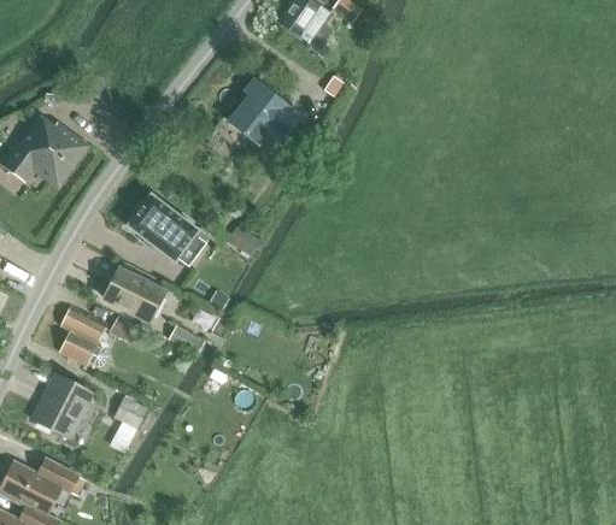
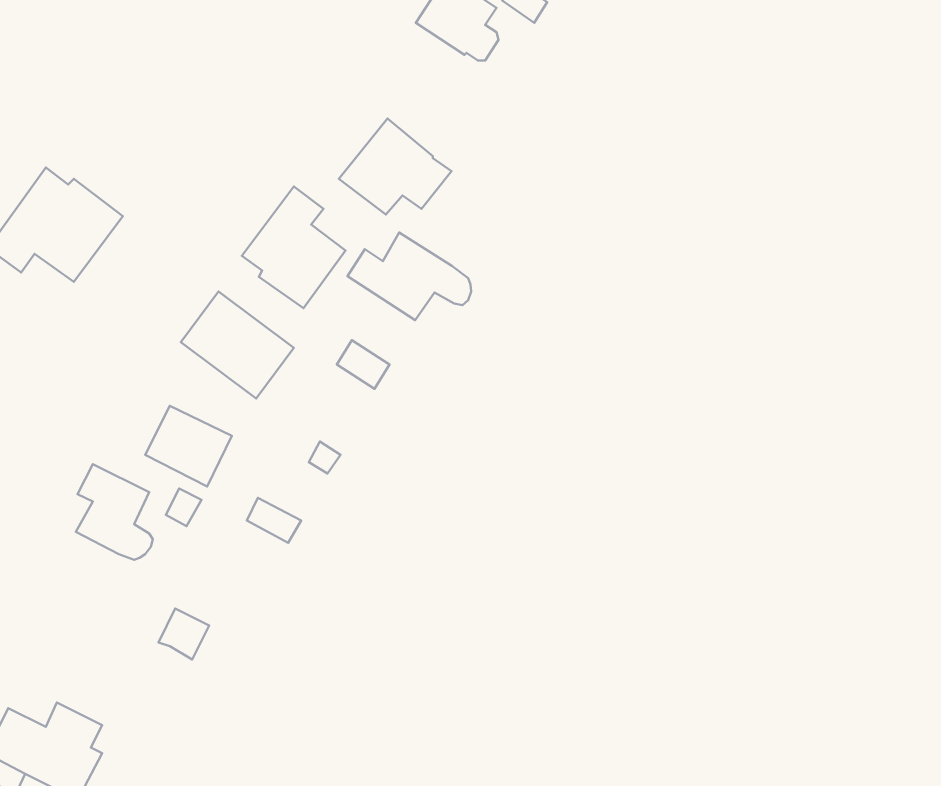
building: none -> [242,187,345,308]
building: none -> [347,232,471,320]
building: [34,373,93,436] -> none

